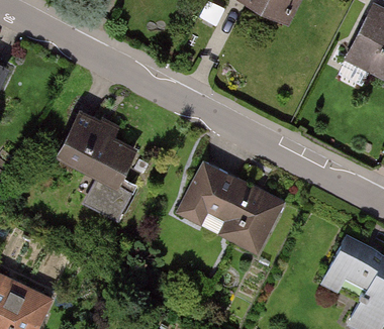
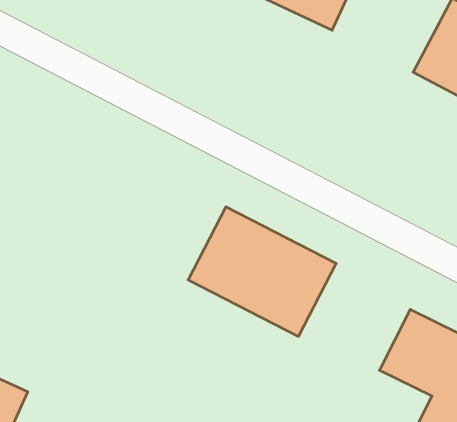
building: [53,117,140,227] -> none

